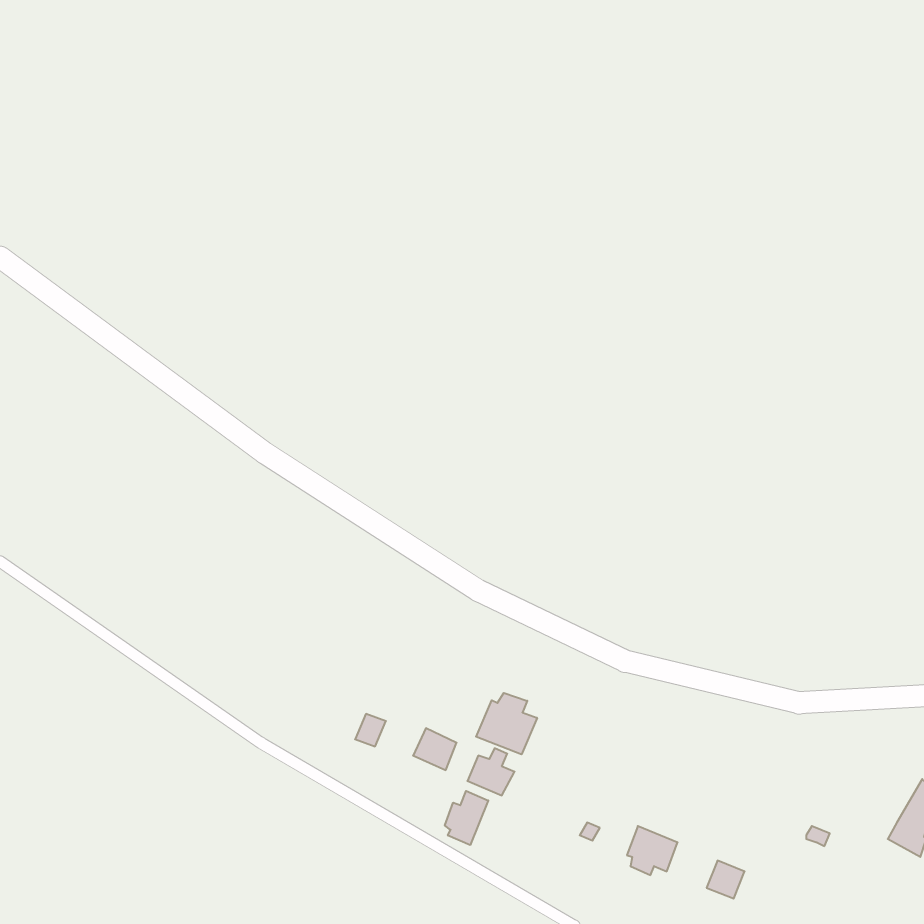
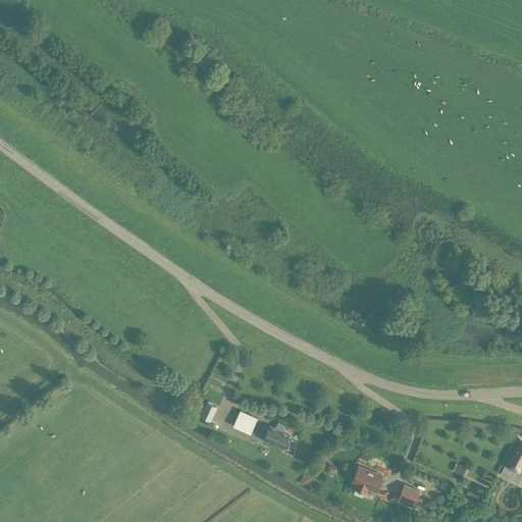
building: [476,693,537,754] -> none
building: [445,791,488,845] -> none

